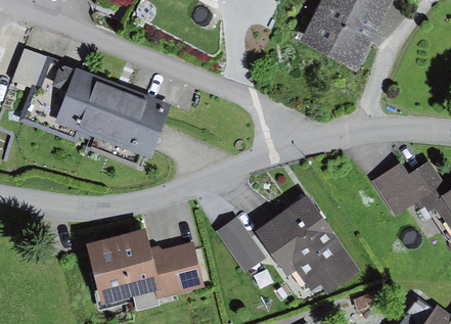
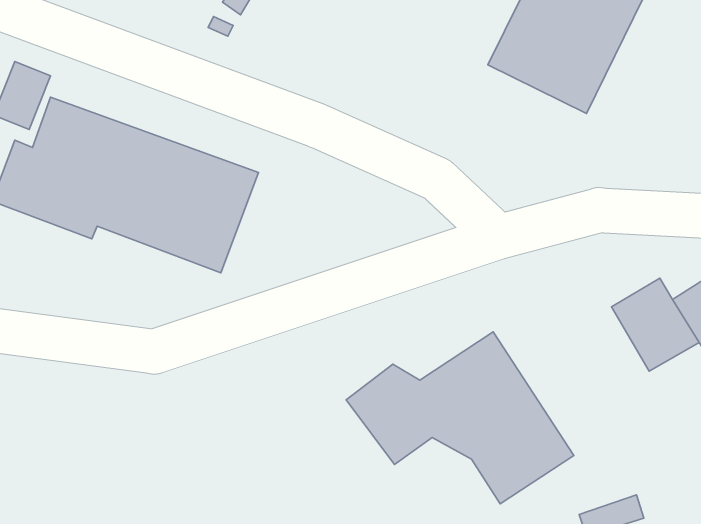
building: [77,227,201,298] -> none

